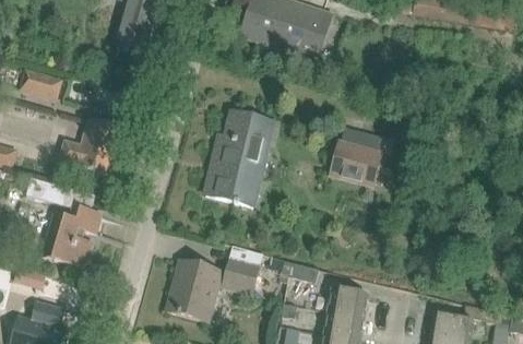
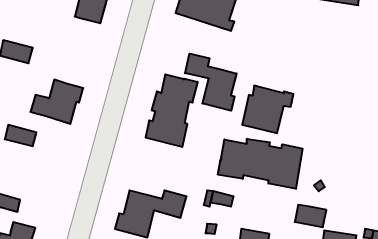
building: none -> [185,54,237,111]
building: none -> [218,139,302,189]
building: [43,206,103,268] -> none
building: [329,288,369,317] -> [295,205,326,227]

